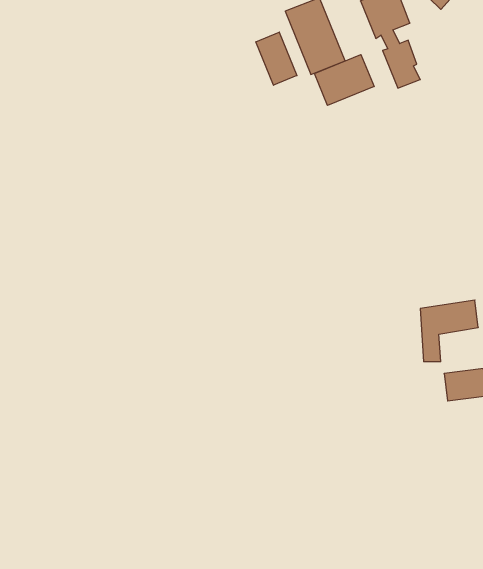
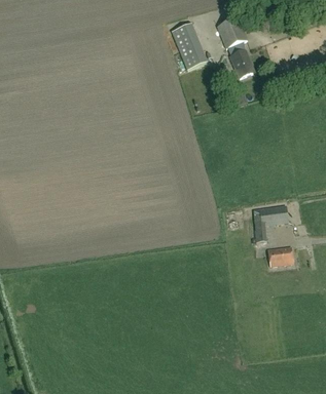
building: [256,32,297,85] -> none
building: [314,55,374,105] -> none

